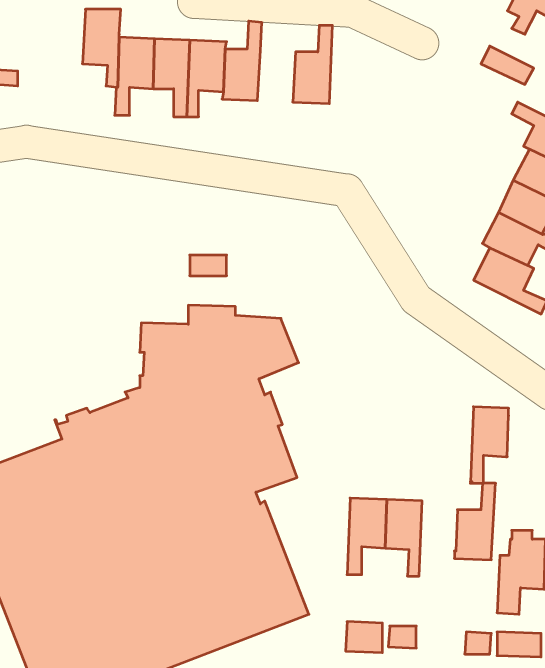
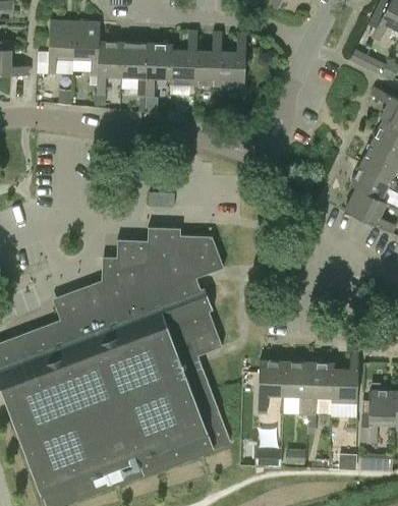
building: none -> [48,22,75,75]
building: none -> [194,33,222,88]
building: [470,407,509,483] -> [306,363,333,416]

